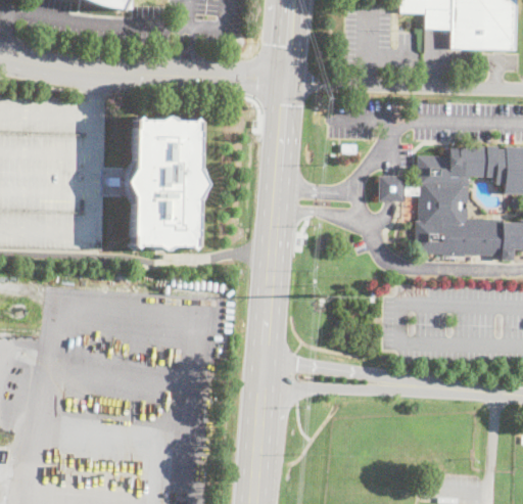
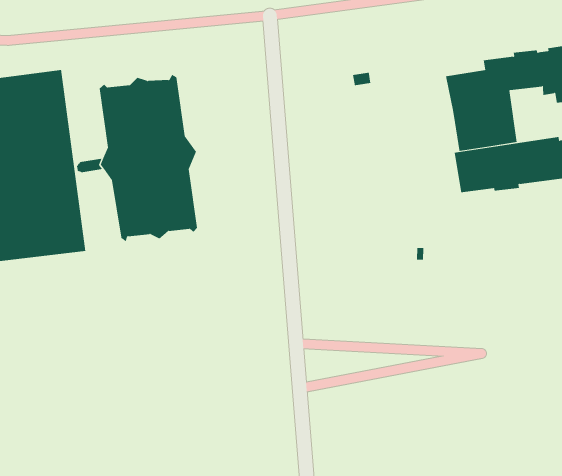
building: [378,176,418,201] -> none

